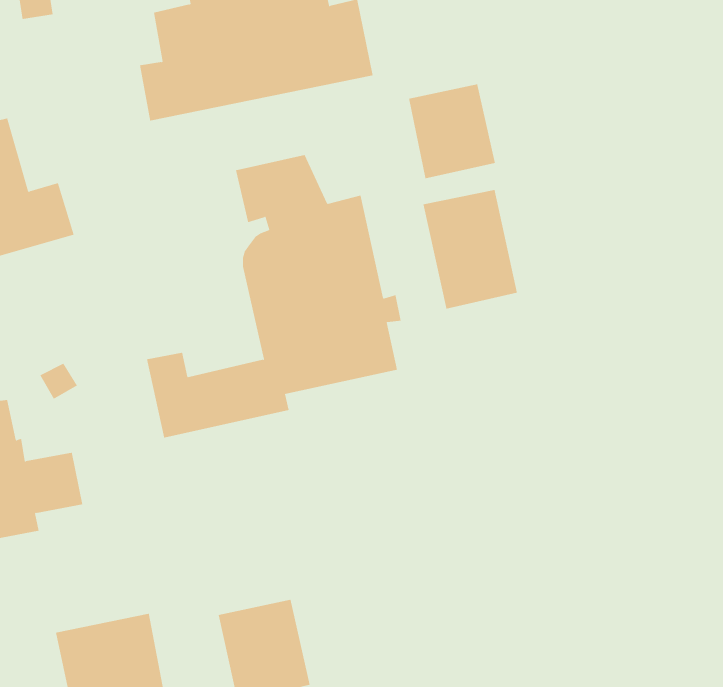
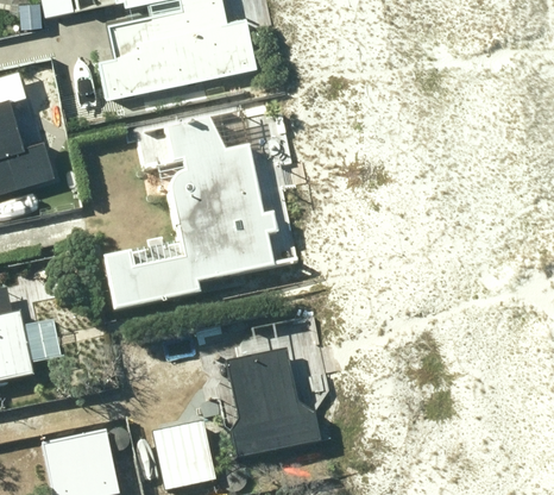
building: [408,83,496,179] -> none
building: [423,189,518,309] -> none
building: none -> [227,350,320,458]

